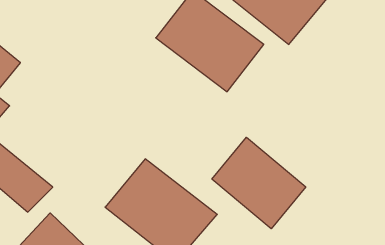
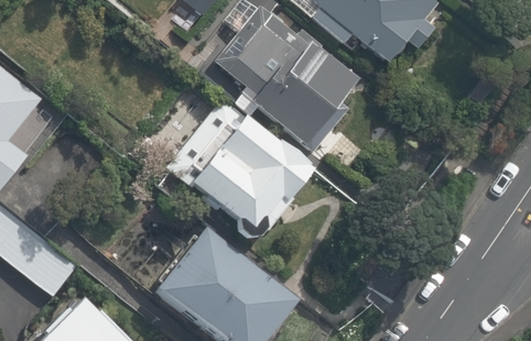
building: none -> [177,110,308,237]
building: [212,137,306,229] -> none

